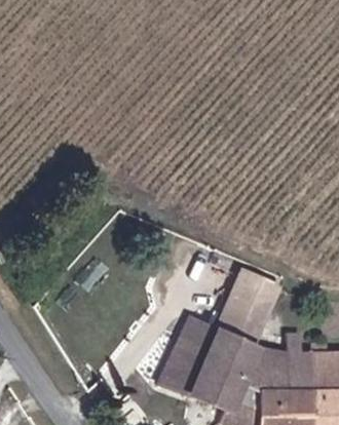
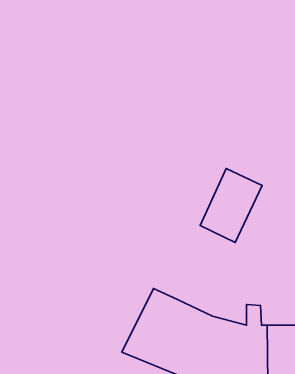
building: [217,269,280,345] -> [200,169,262,243]

